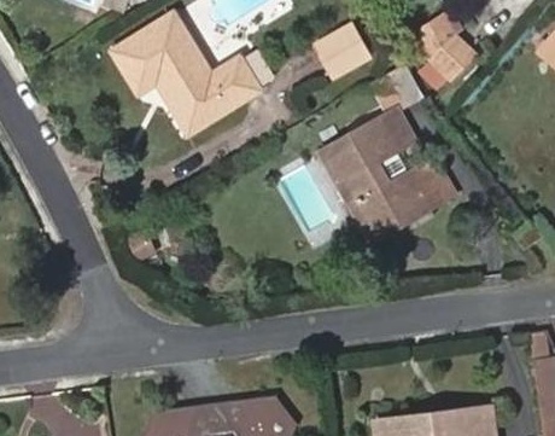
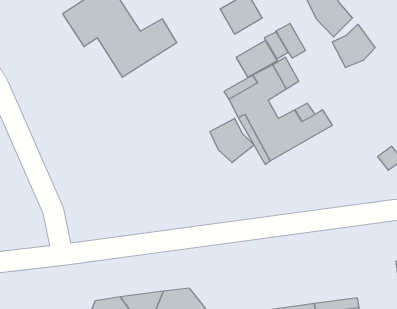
building: none -> [332,24,375,68]
building: none -> [236,41,277,77]
building: none -> [210,118,254,163]

